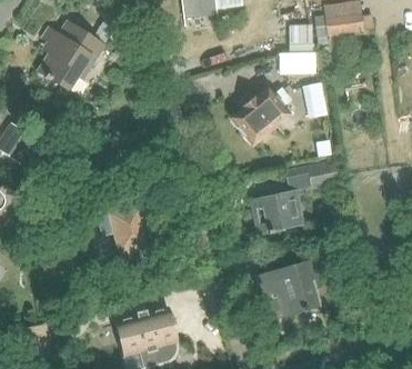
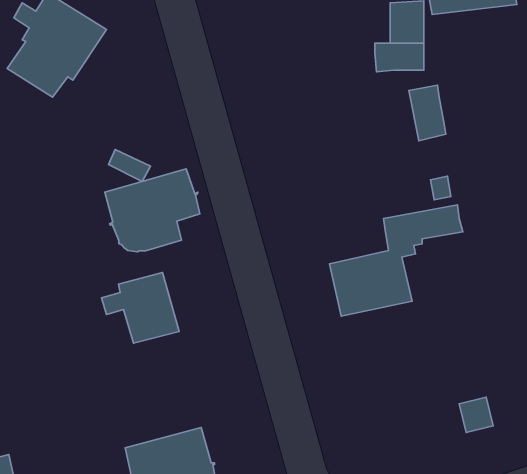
building: [231,86,290,143] -> none
building: none -> [105,169,200,252]
building: [252,260,316,318] -> none

